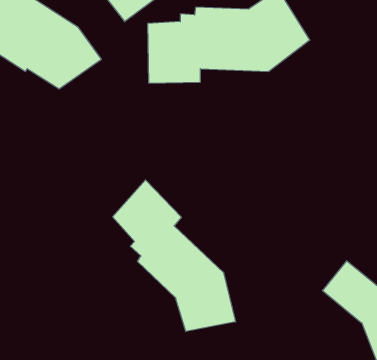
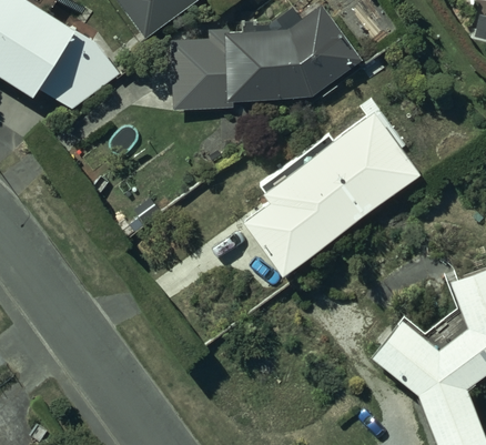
building: none -> [242,117,418,275]
building: [113,180,236,332] -> none

